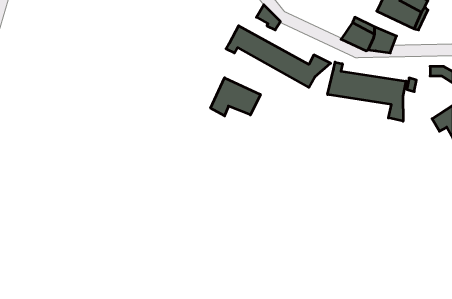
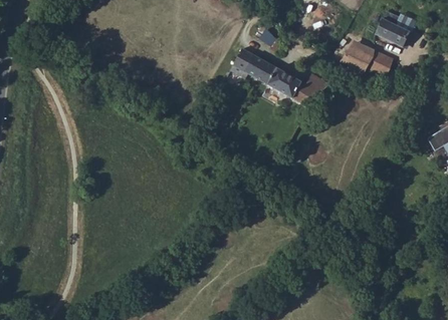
building: [328,62,406,121] -> none
building: [211,78,260,116] -> none

